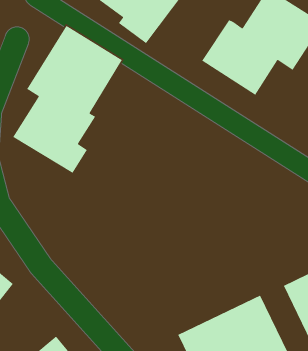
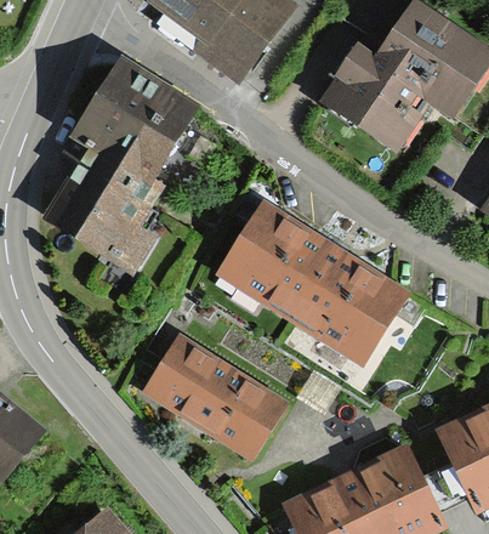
building: none -> [214,197,409,368]
building: none -> [143,333,292,464]

